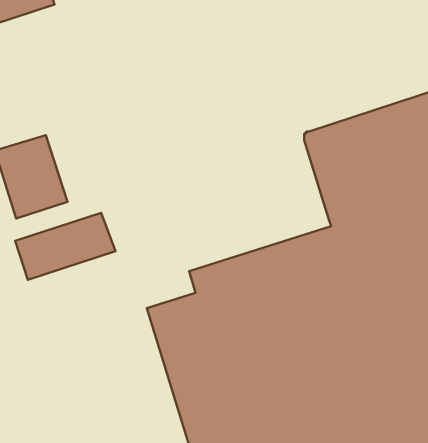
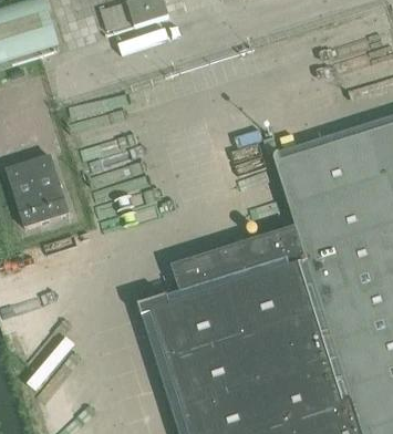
building: [15,213,115,280] -> none

